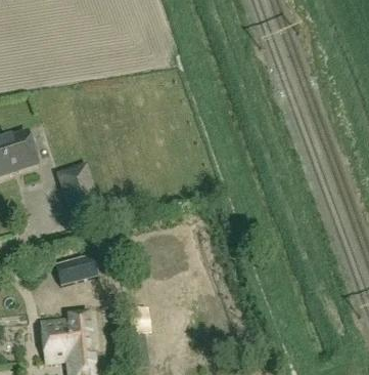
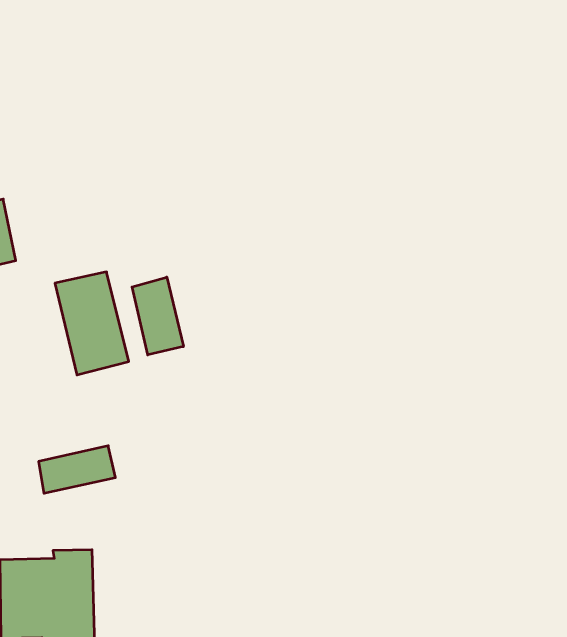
building: none -> [132,277,183,355]

